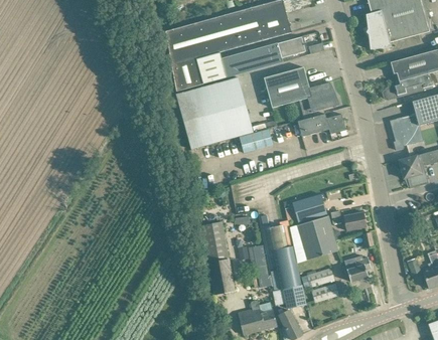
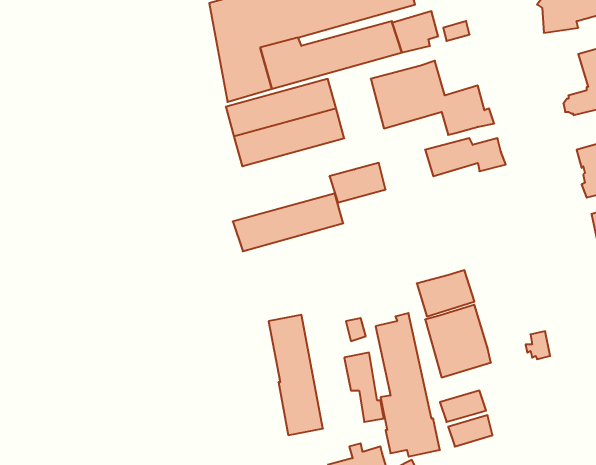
building: [185,114,253,149] -> [233,194,343,251]
building: [330,210,367,230] -> none
building: [344,256,370,282] -> none

